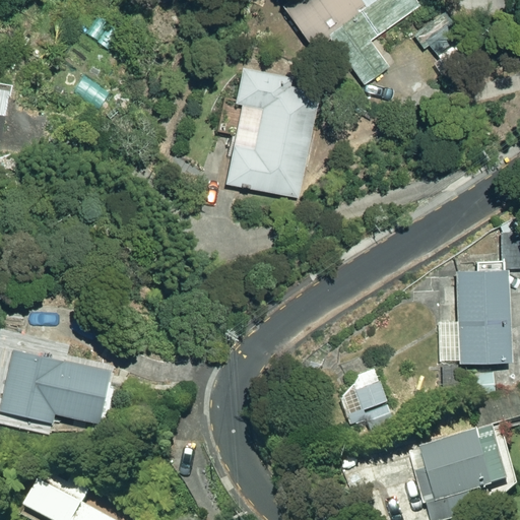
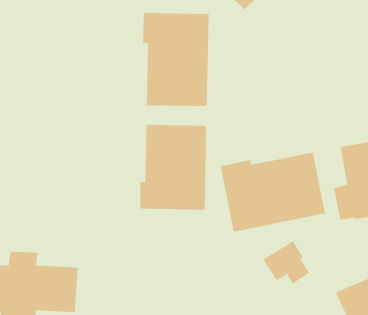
building: none -> [140,124,207,211]
building: none -> [220,152,325,232]

